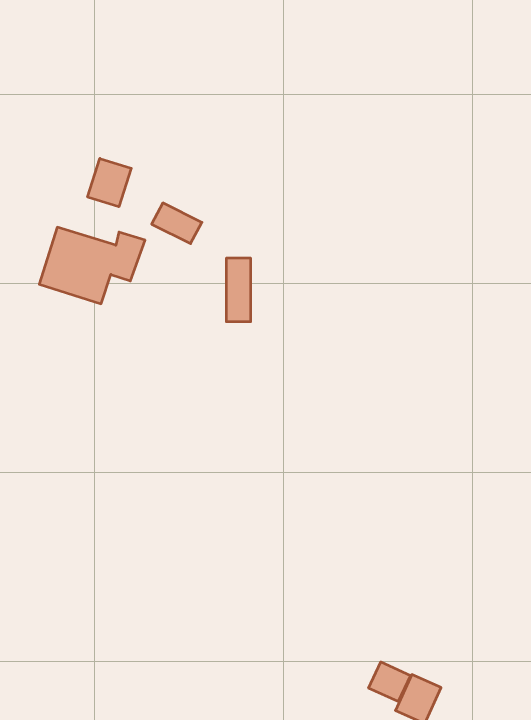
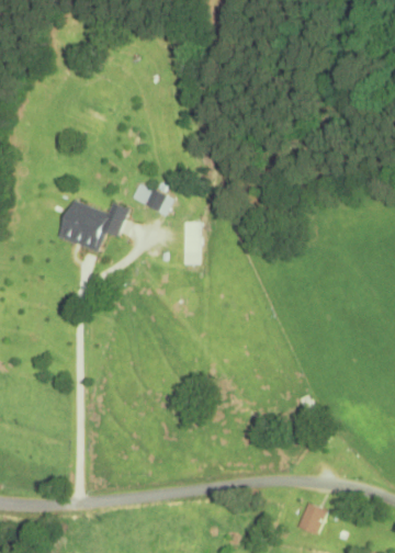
building: [88,158,131,207] -> none
building: [369,662,410,702] -> none

